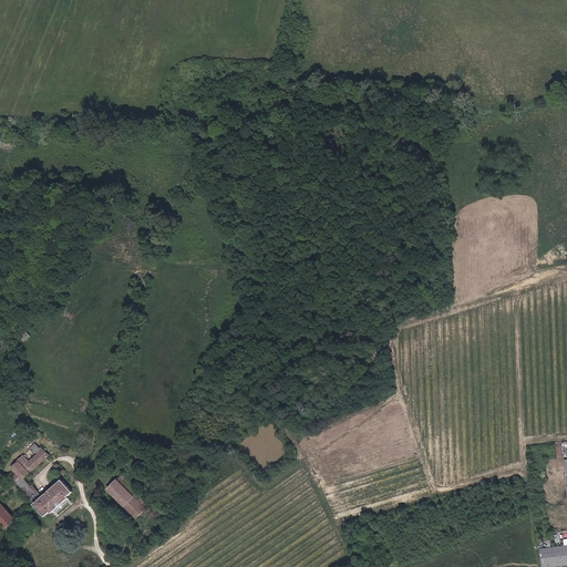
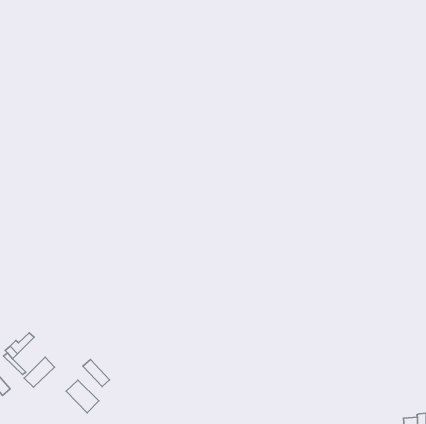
building: none -> [66,380,99,413]

